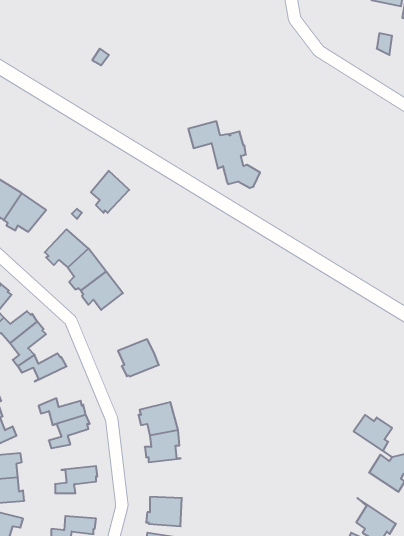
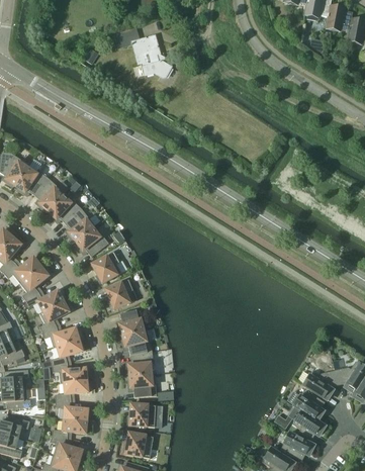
building: [188,121,260,188] -> [115,25,172,78]
building: [91,171,129,213] -> [34,177,65,210]
building: none -> [92,251,121,282]
building: none -> [39,300,69,332]
building: none -> [117,307,147,335]
building: [354,415,392,457] -> [294,391,325,425]
building: none -> [53,362,88,382]
building: none -> [127,373,157,396]
building: none -> [56,400,89,420]

